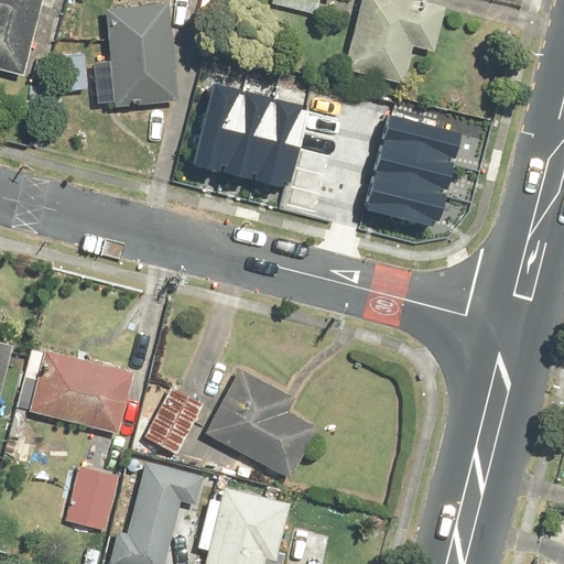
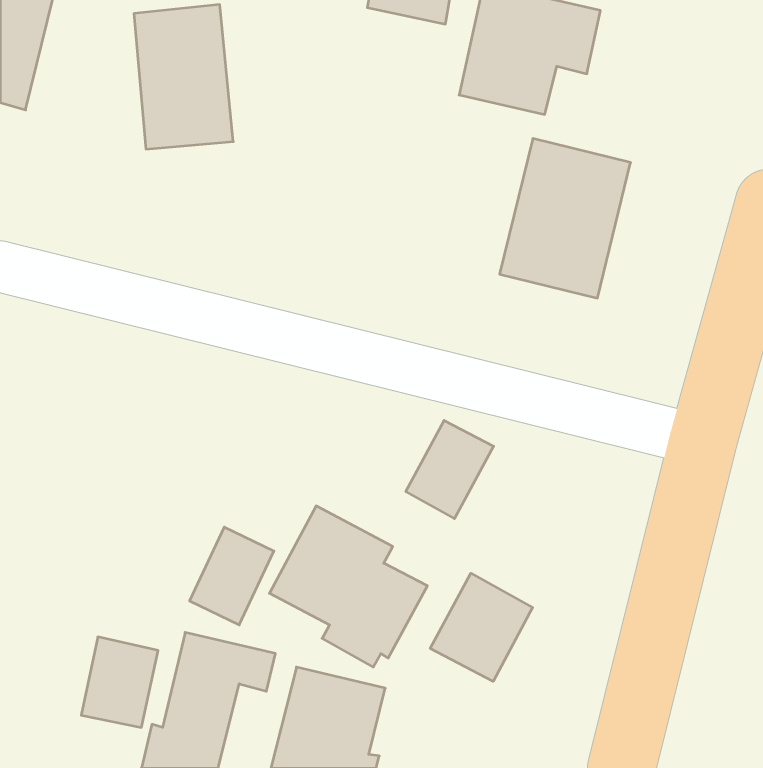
building: [194,72,310,184] -> none
building: none -> [406,420,494,519]
building: [28,350,135,437] -> none
building: none -> [430,573,533,681]

